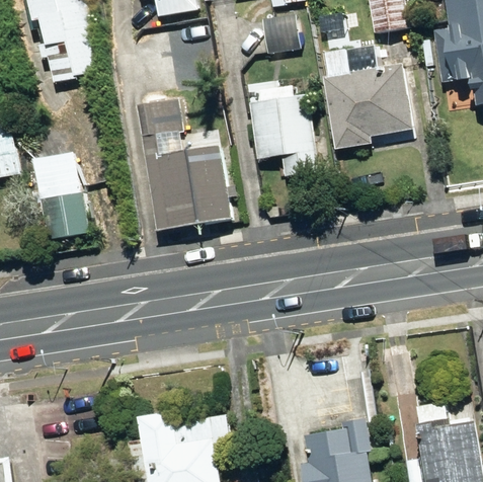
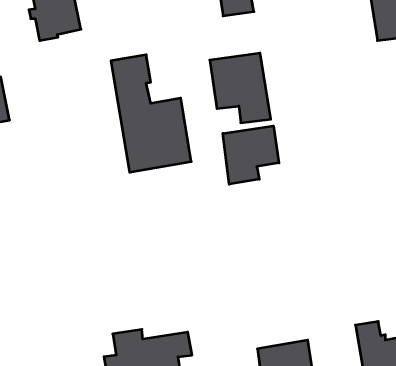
building: [325,49,415,149] -> none
building: [30,153,88,239] -> none
building: none -> [223,126,279,184]

